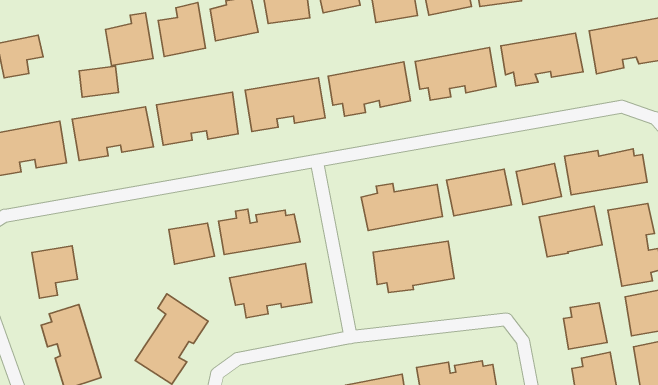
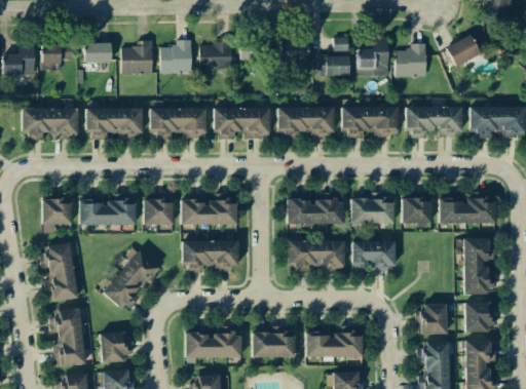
building: [79,66,118,97] -> [84,42,112,63]
building: [539,206,602,257] -> [353,240,396,271]
building: none -> [79,195,136,225]

